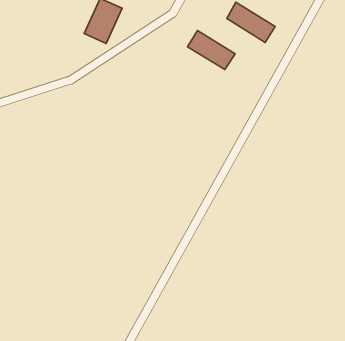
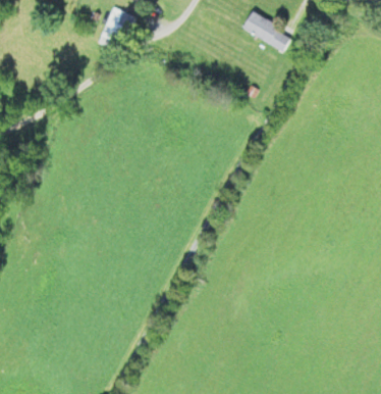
building: [187,30,235,69] -> none

